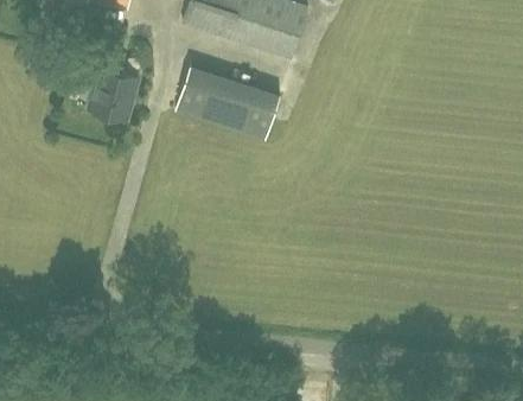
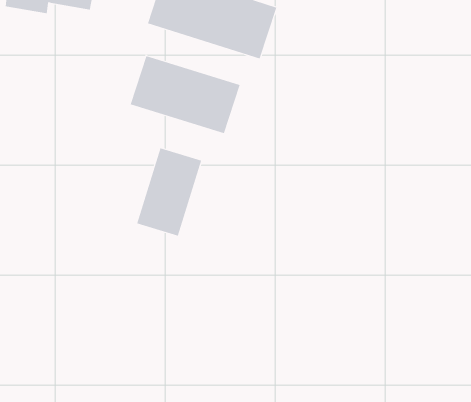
building: [94,53,140,122] -> none
building: none -> [137,148,202,236]

